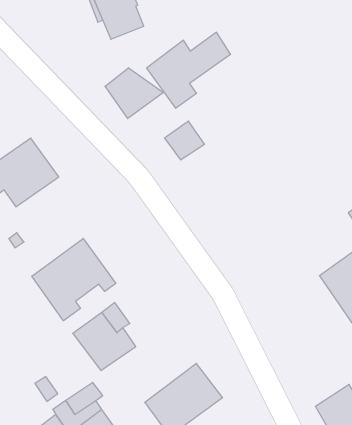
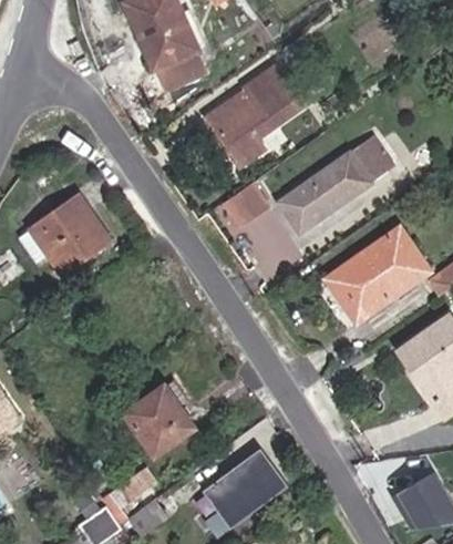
building: [105,68,164,119] -> none
building: none -> [277,135,394,230]
building: none -> [325,228,428,321]
building: [32,238,116,321] -> none

